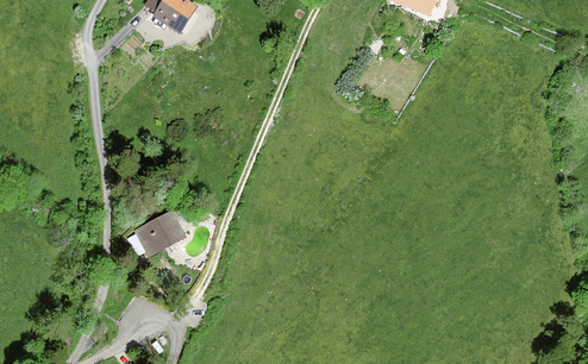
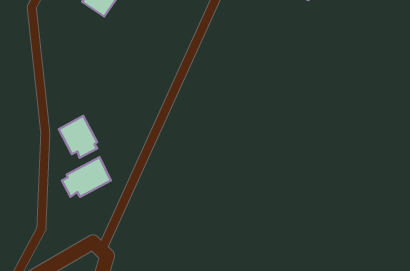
building: none -> [59,116,97,158]

